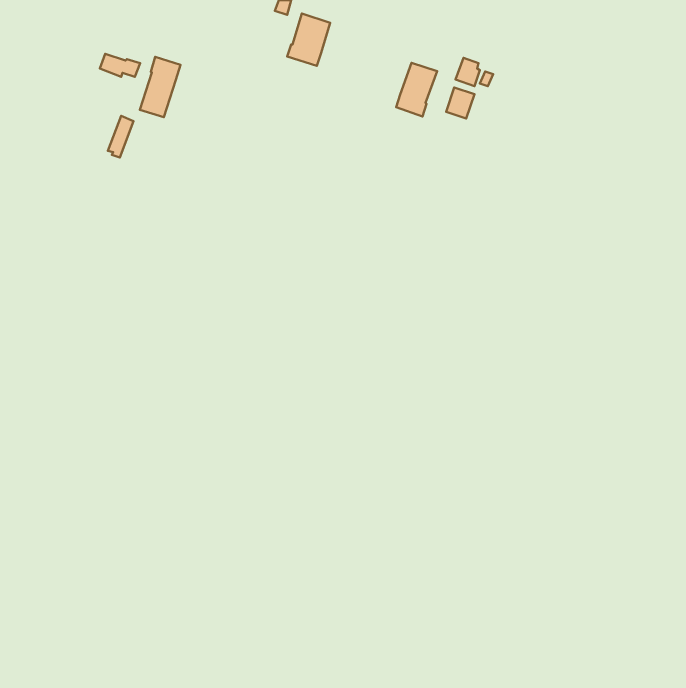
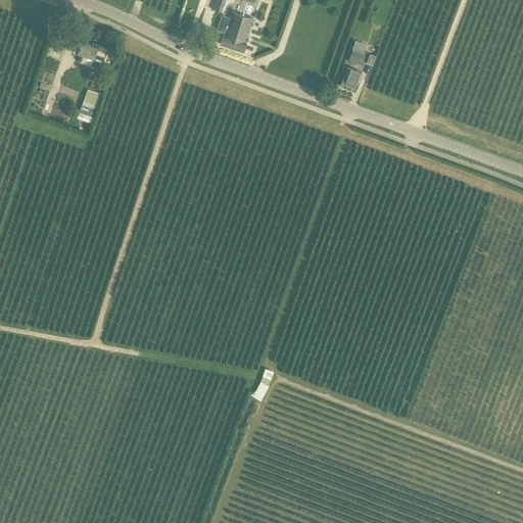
building: [140,57,180,117] -> none
building: [396,63,437,116] -> none

